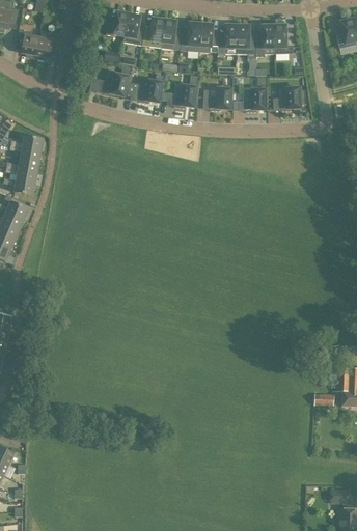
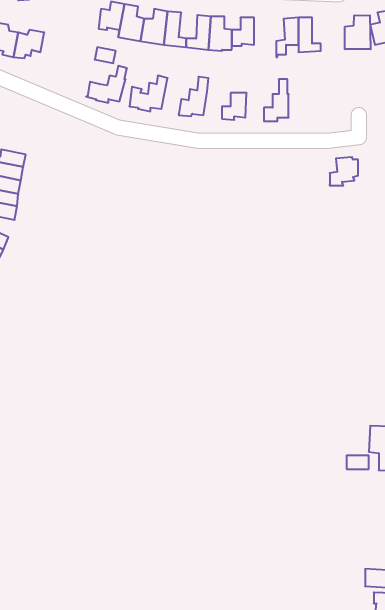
building: none -> [345,15,371,49]
building: [237,24,255,57] -> none
building: [280,86,304,110] -> [330,157,358,186]

